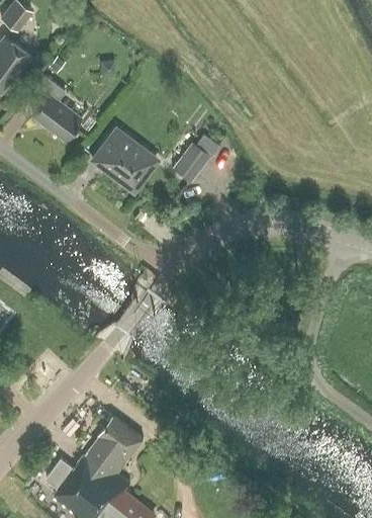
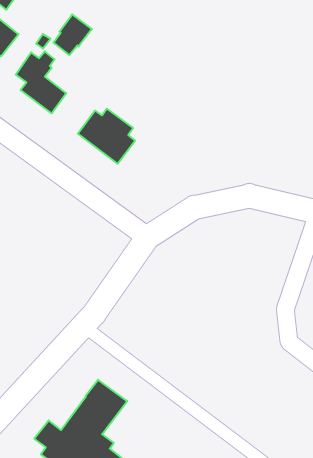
building: none -> [53,14,92,55]
building: [172,144,208,182] -> none

